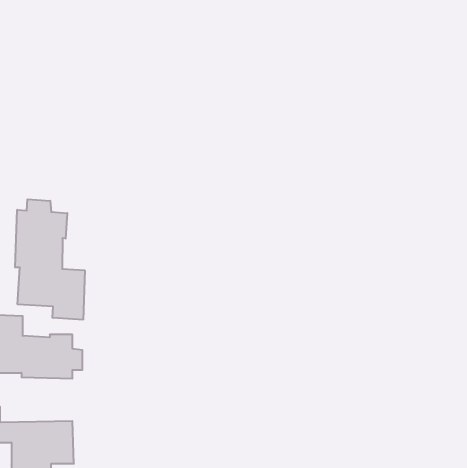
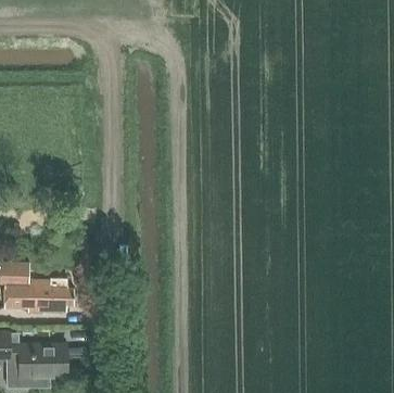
building: [15,199,85,320] -> none

